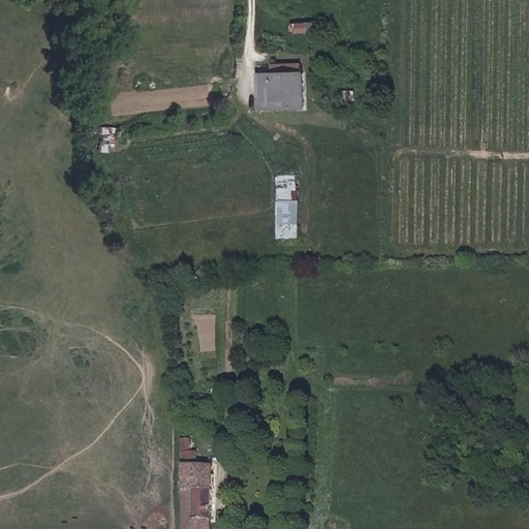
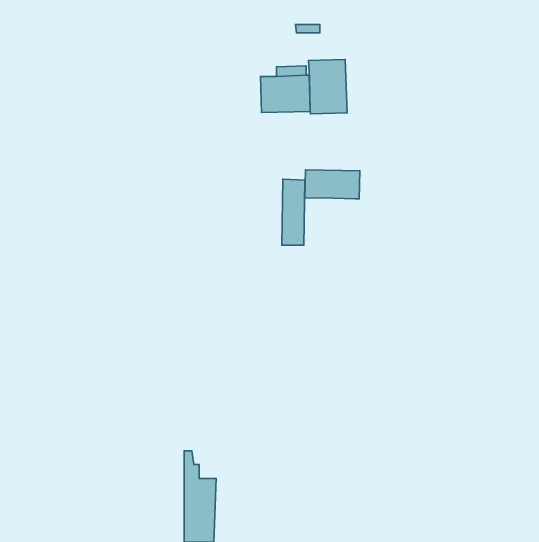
building: none -> [308,59,347,114]
building: none -> [305,170,360,199]

